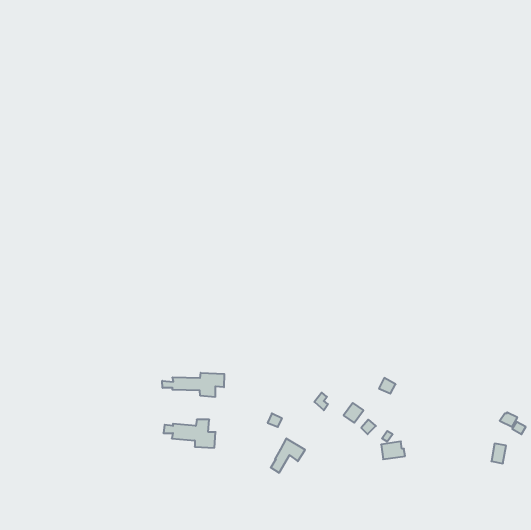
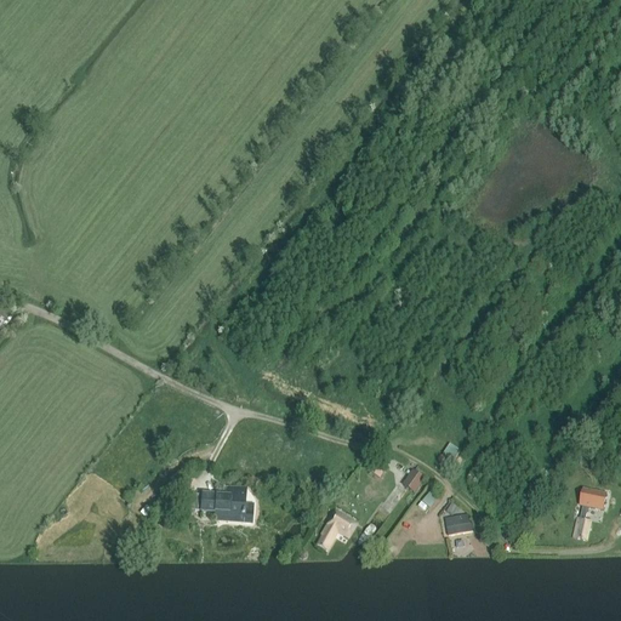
building: [162,373,224,397] -> none

